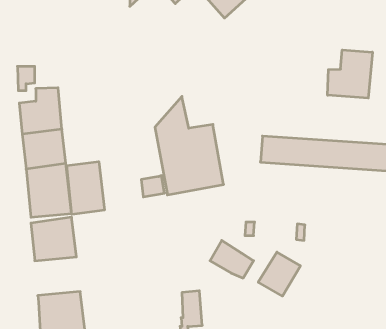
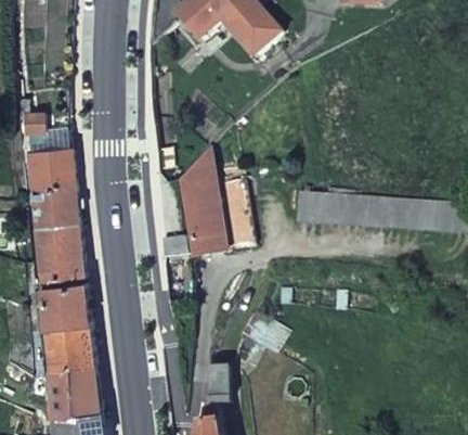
building: [328,50,372,98] -> none
building: [67,162,104,214] -> none
building: [258,252,300,296] -> none
building: none -> [42,324,93,368]

